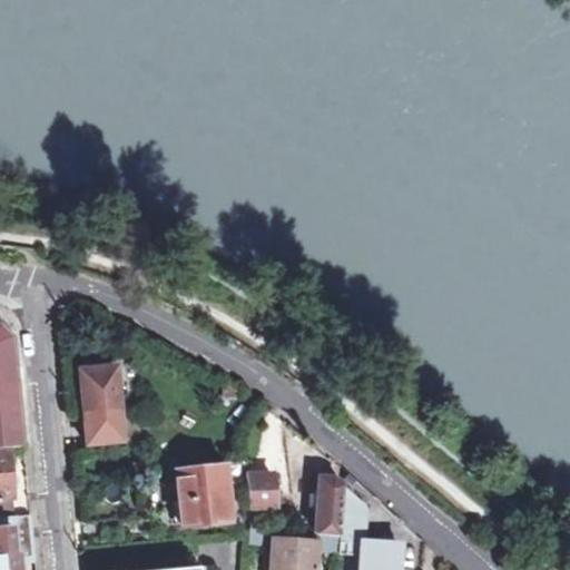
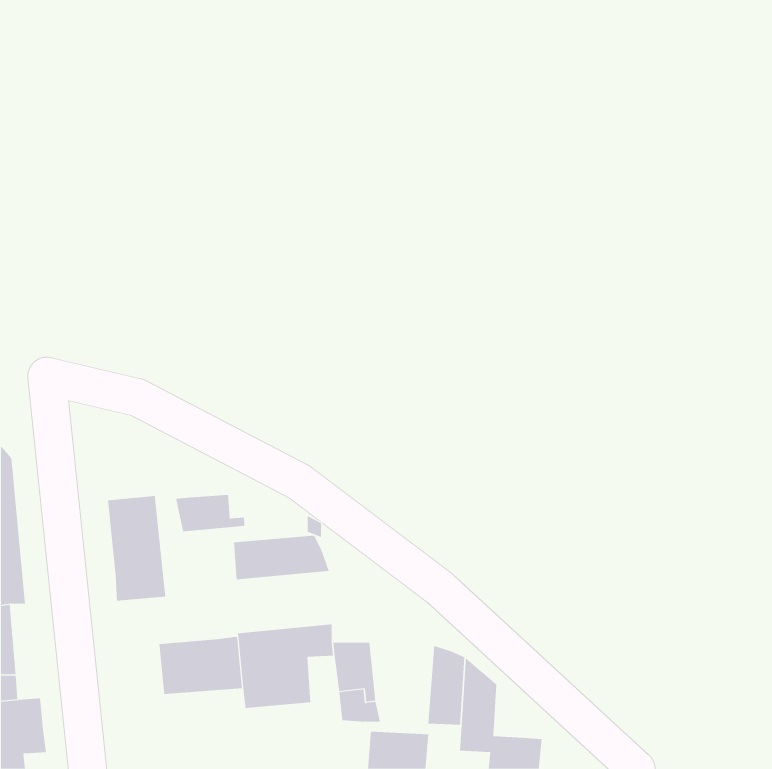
building: none -> [176,494,245,532]
building: none -> [234,535,330,580]
building: none -> [159,636,243,695]

